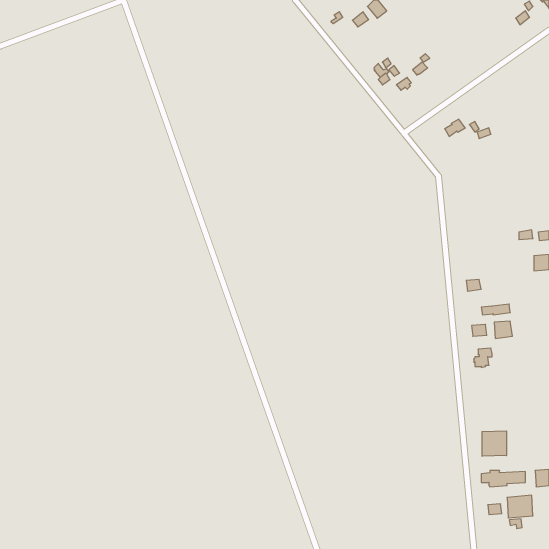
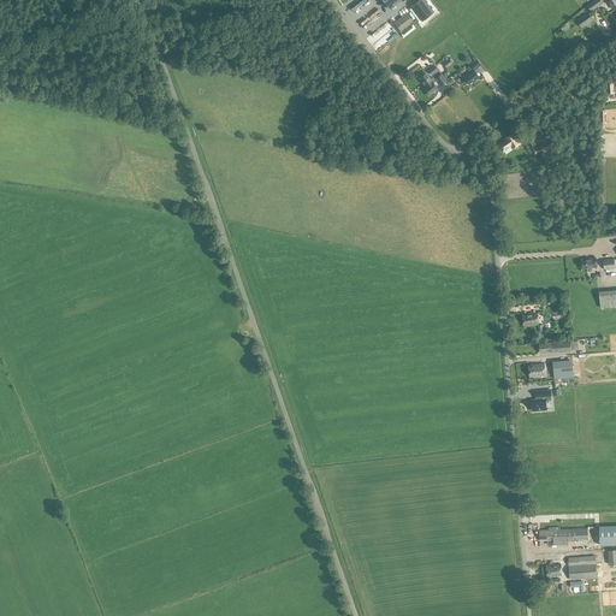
building: [482,431,506,456] -> none

